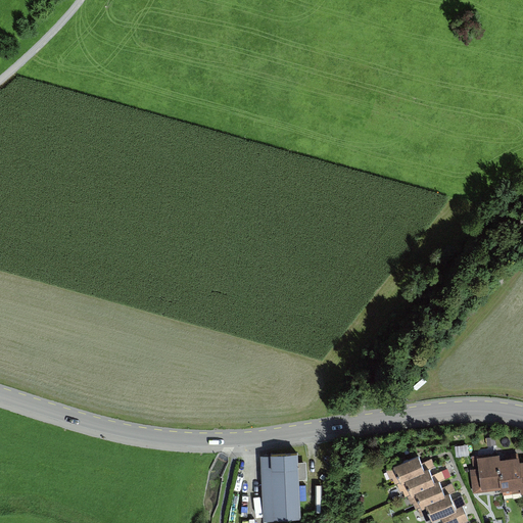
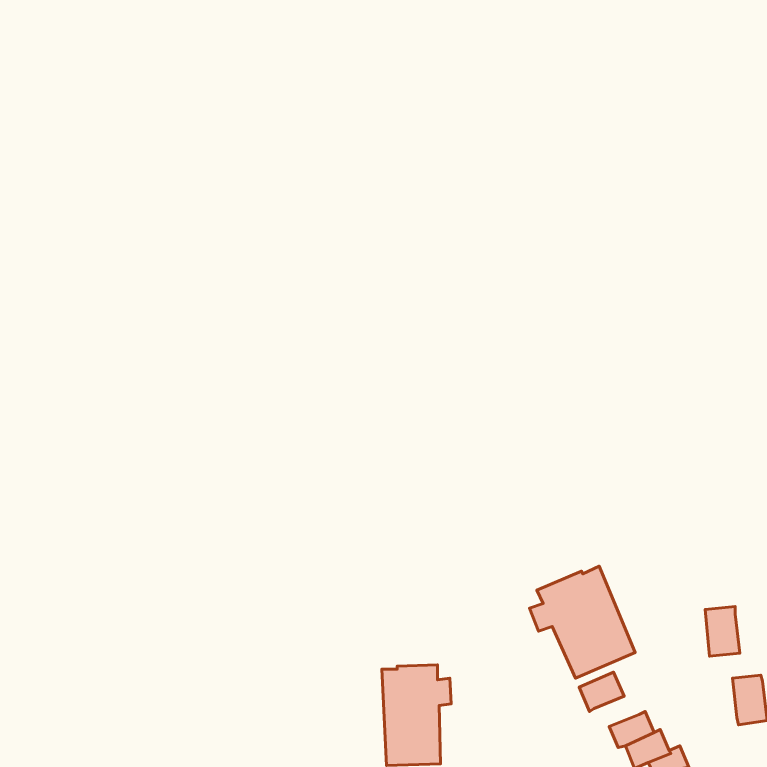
building: none -> [529,566,635,678]
building: [477,457,501,490] -> [705,607,740,656]
building: [403,472,434,496] -> none

